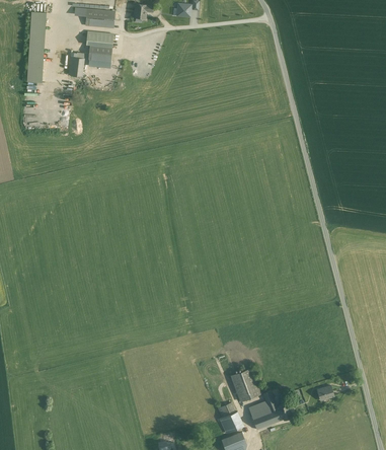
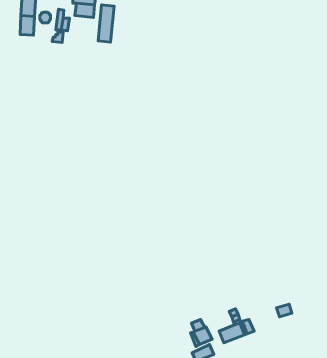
building: none -> [98,5,114,42]
building: [230,368,259,400] -> none

